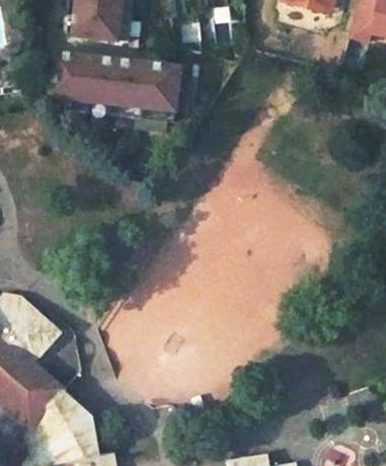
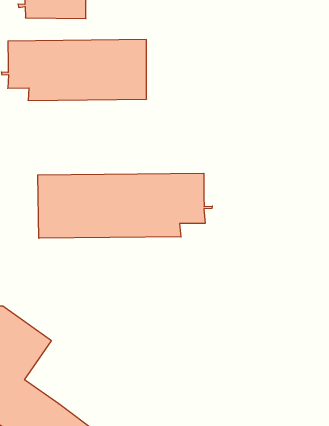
building: none -> [38,173,212,238]

